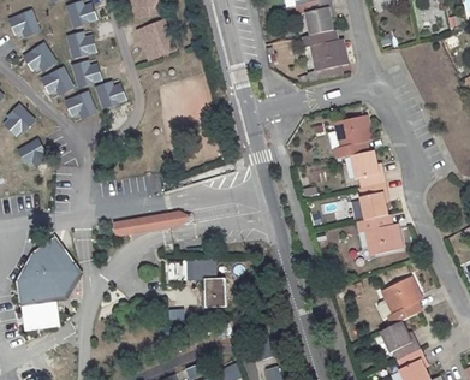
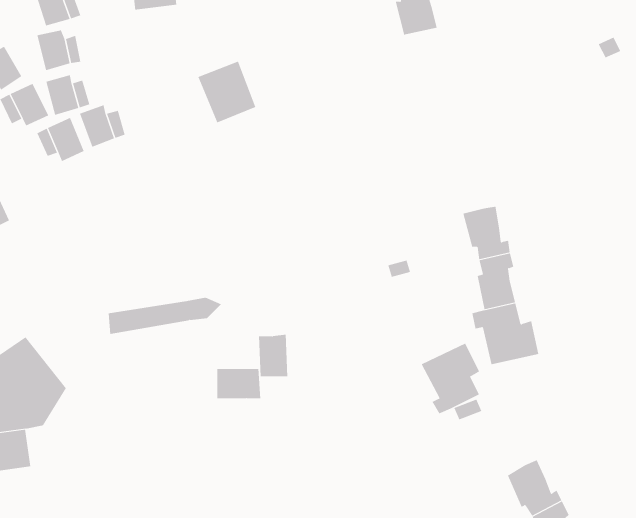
building: [135,18,174,60] -> [197,61,256,123]
building: [303,29,347,78] -> none
building: [334,115,370,158] -> none
building: [381,275,421,323] -> [421,343,480,414]
building: [206,278,226,307] -> [258,334,288,377]

